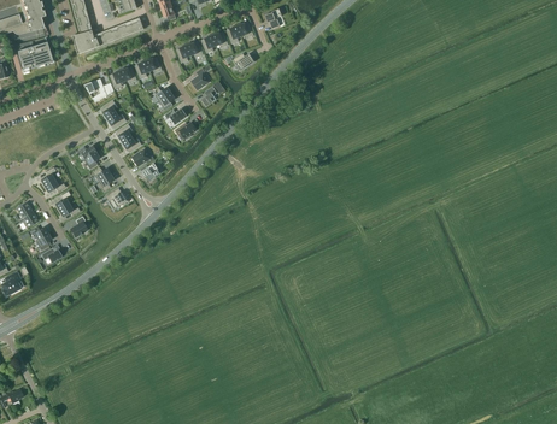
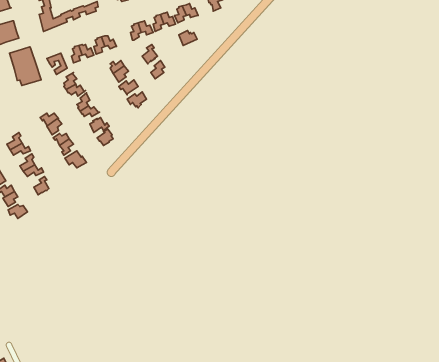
building: none -> [10,47,41,86]

